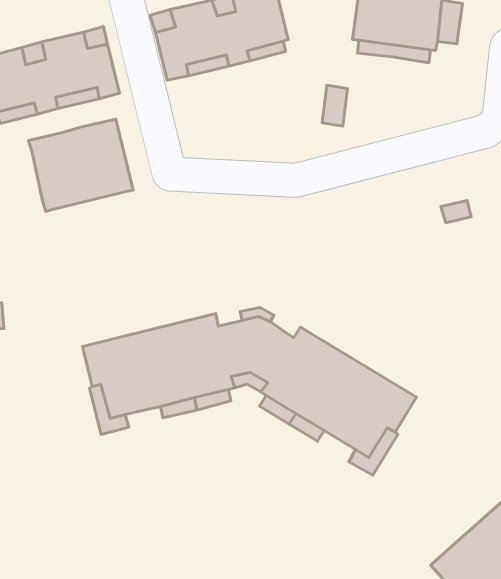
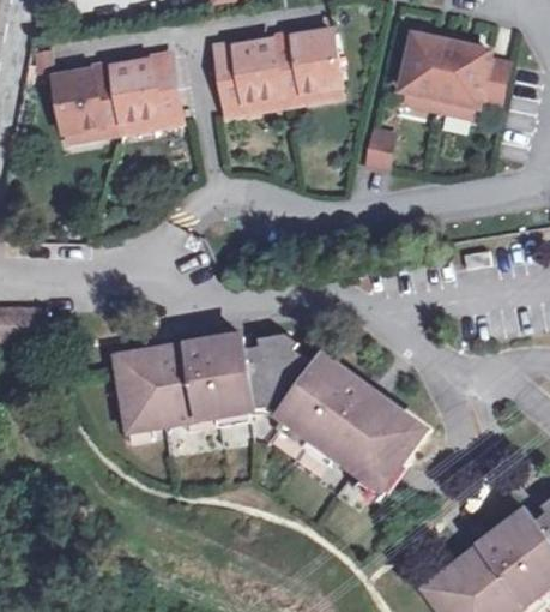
building: [28,119,133,211] -> none

